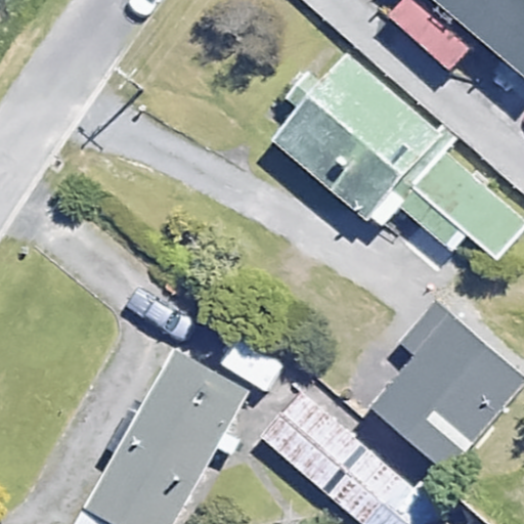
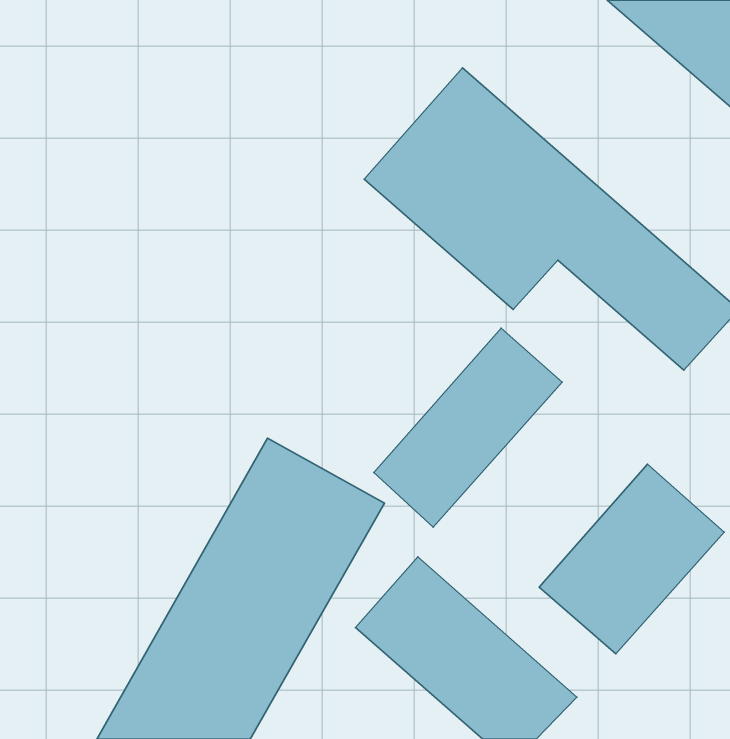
building: none -> [374,328,562,527]

